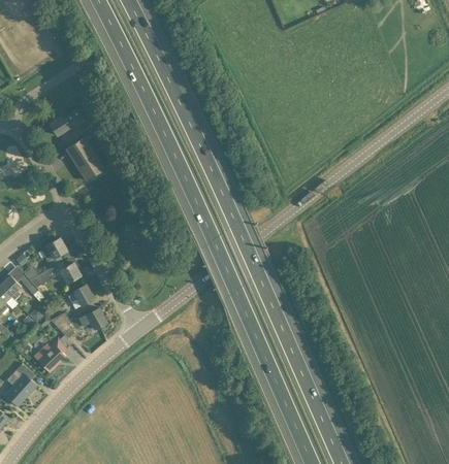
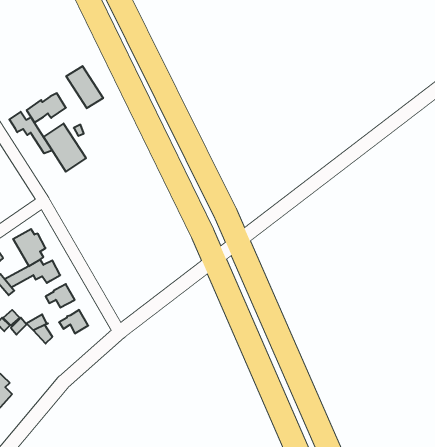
building: none -> [66,66,103,108]
building: none -> [9,112,52,153]
building: [33,336,66,371] -> none

